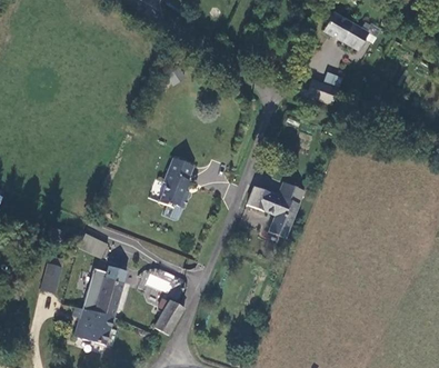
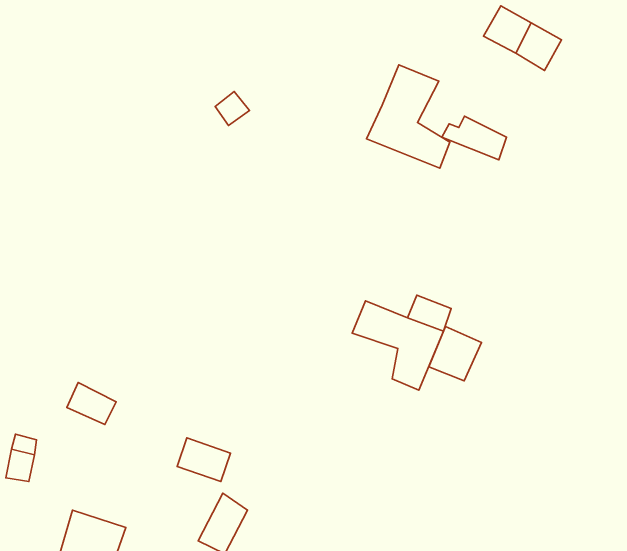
building: none -> [367,65,450,168]
building: [159,156,194,207] -> none
building: none -> [429,326,481,381]
building: [82,266,123,317] -> none

